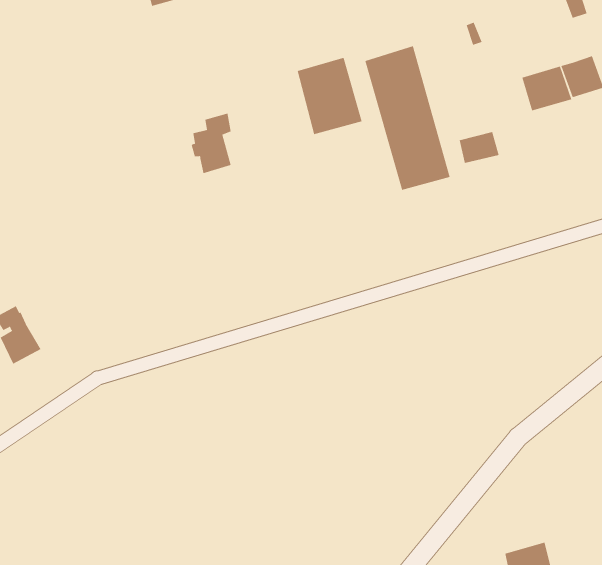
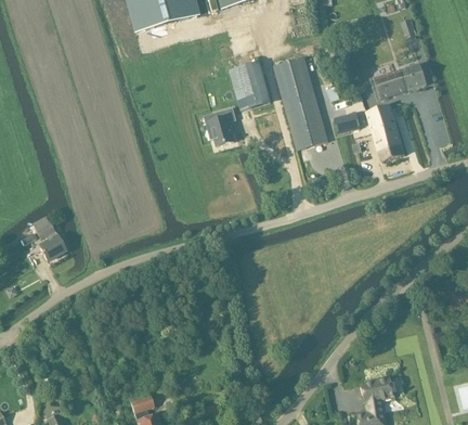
building: [191,113,232,174] -> [209,106,235,145]
building: none -> [366,104,404,160]

